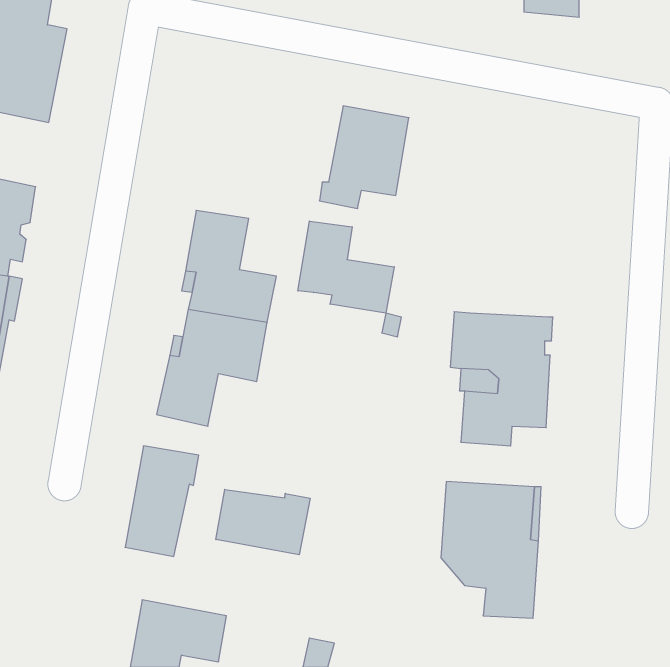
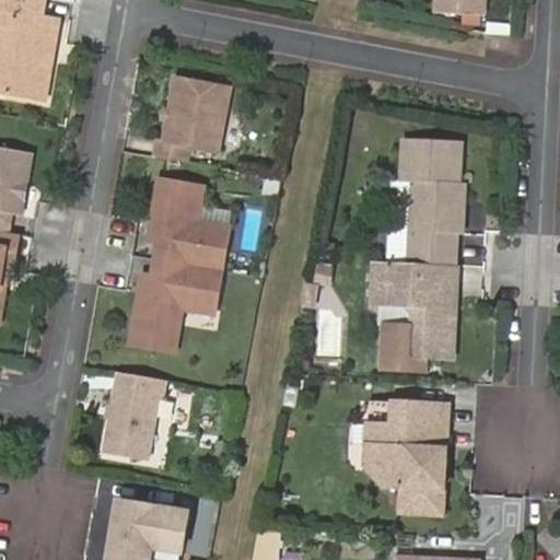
building: [319,106,409,209] -> [155,74,230,160]
building: none -> [390,139,466,264]
building: [298,221,394,313] -> none
building: [216,489,310,555] -> none

